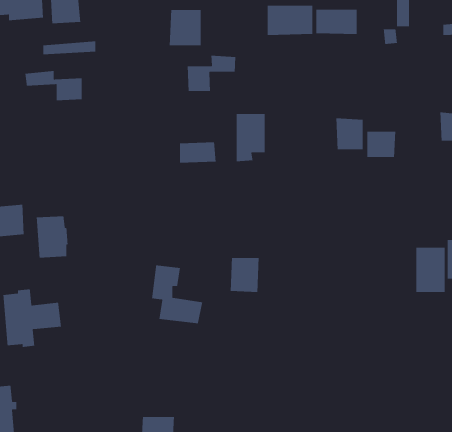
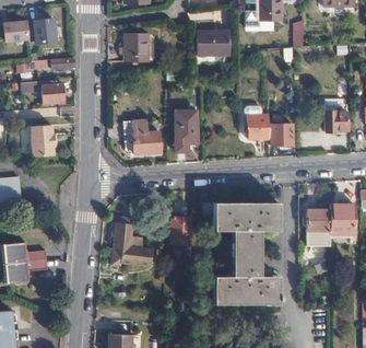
building: [316,9,358,35] -> none
building: [187,55,236,92] -> none
building: [36,215,68,258] -> [31,124,55,155]
building: none -> [201,202,278,305]

